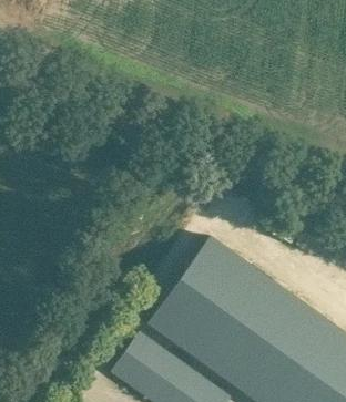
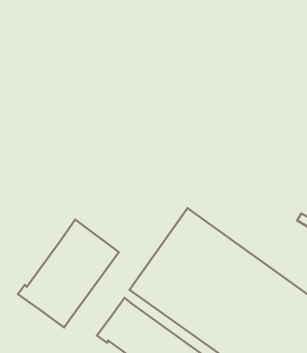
building: none -> [18,219,119,327]

